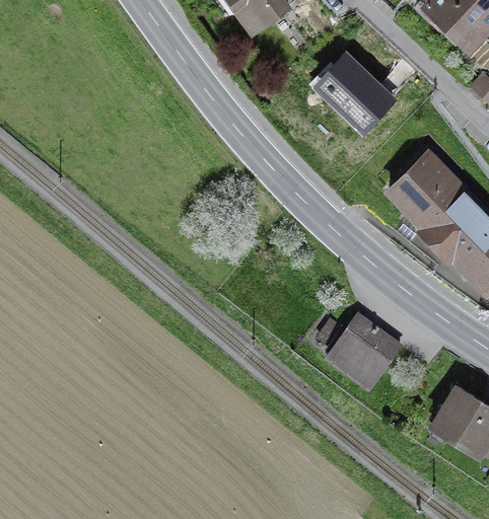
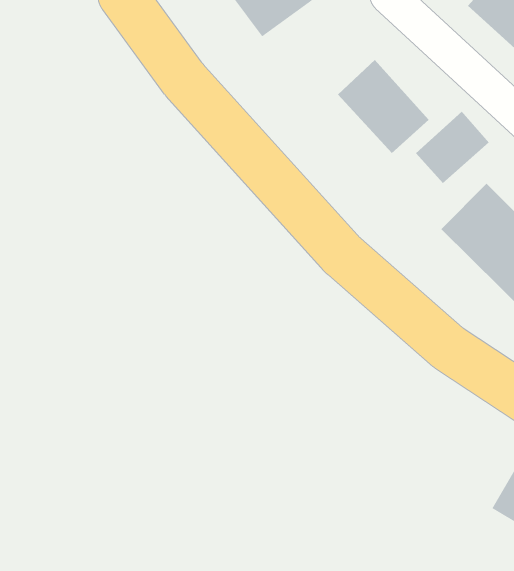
building: none -> [415,111,490,184]
building: [331,317,405,390] -> none

